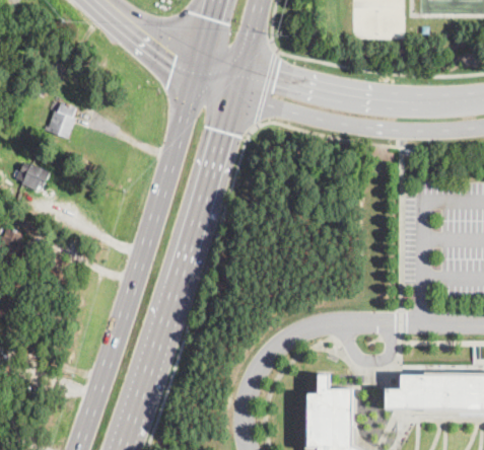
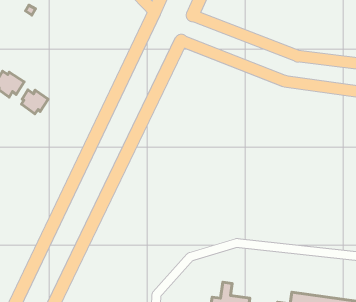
building: [44,101,74,138] -> none
building: none -> [21,90,48,114]

